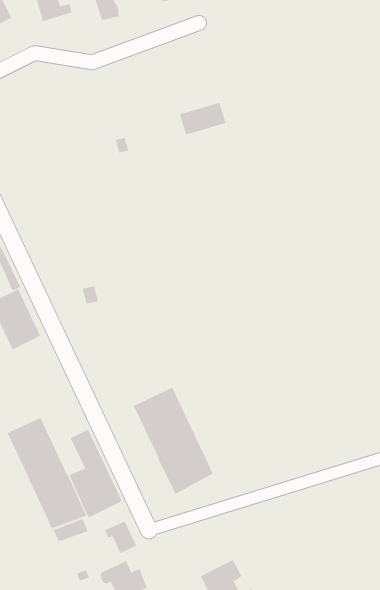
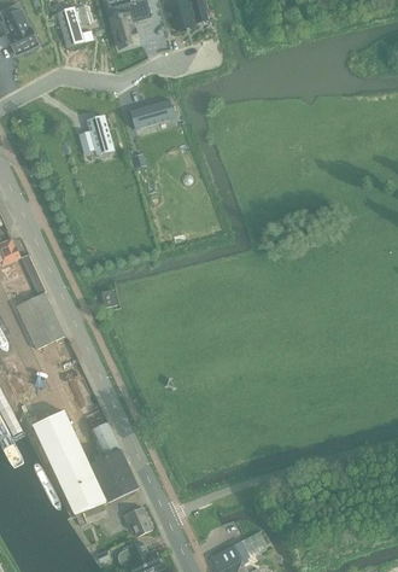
building: none -> [77,115,112,154]
building: [179,102,226,135] -> [128,99,171,129]
building: [133,387,213,495] -> none

